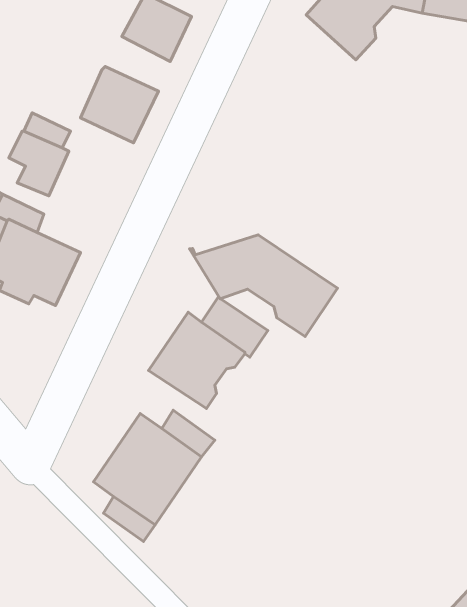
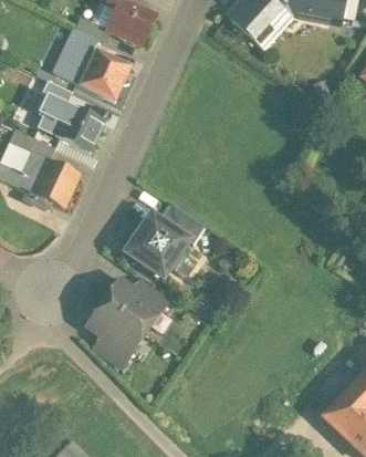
building: none -> [55,30,95,84]
building: none -> [59,106,104,152]
building: [189,235,337,336] -> none

